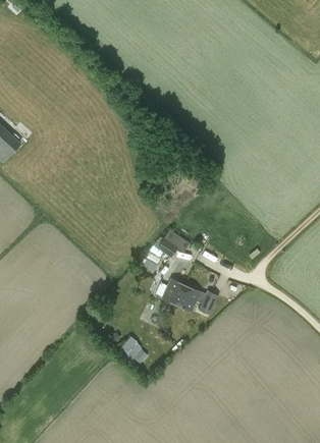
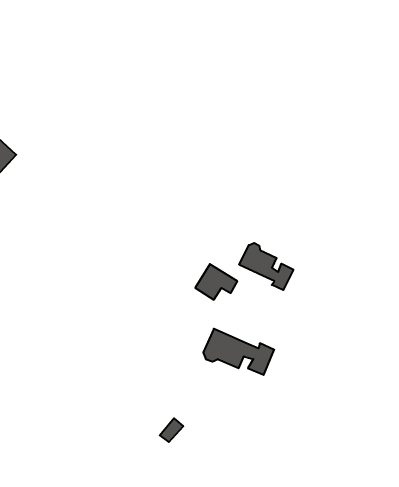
building: none -> [239,243,293,290]

